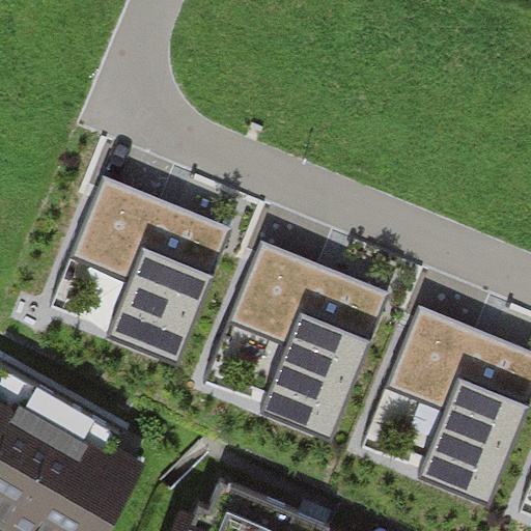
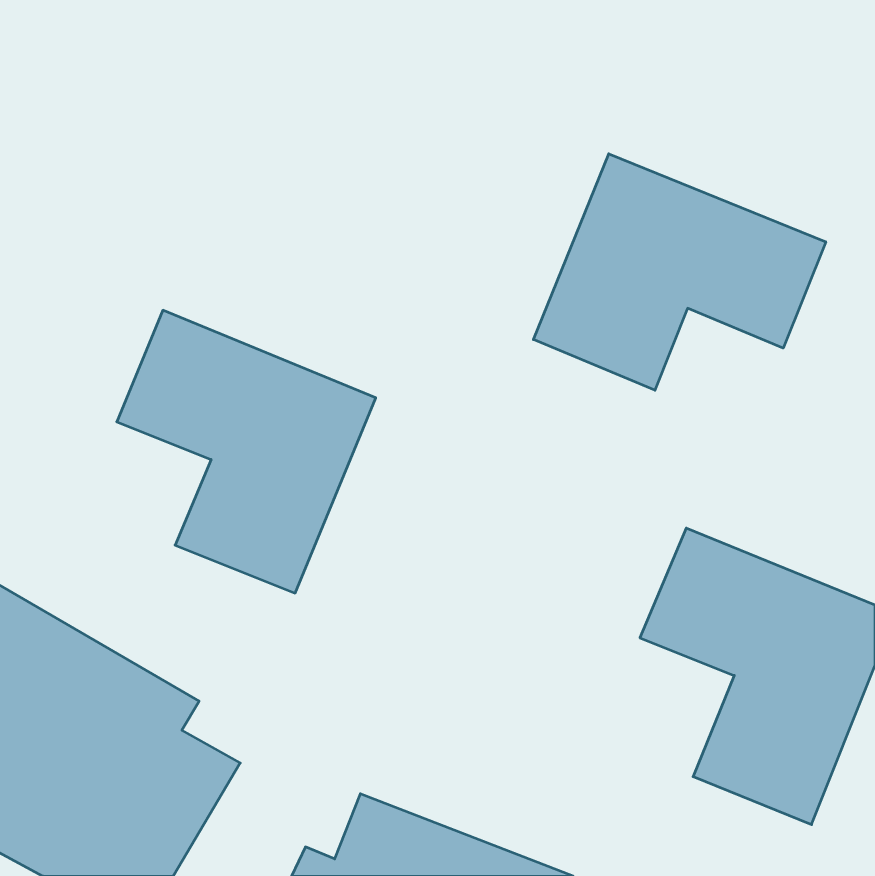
building: none -> [533,154,826,390]
building: [228,255,384,435] -> none

